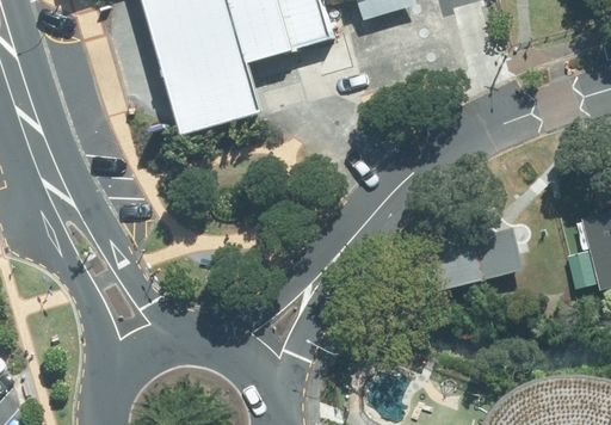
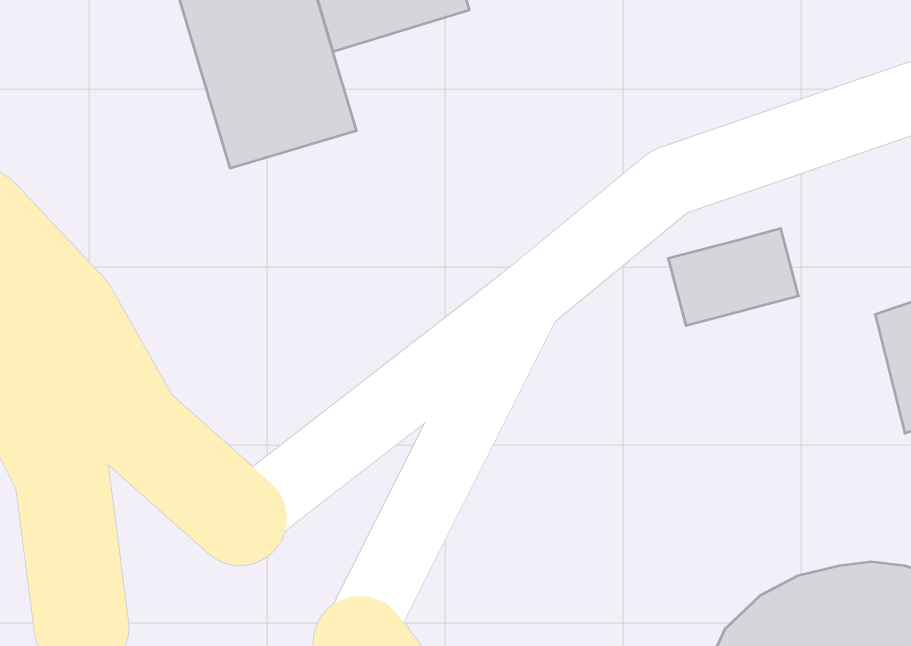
building: [442,230,520,289] -> [668,229,799,326]

